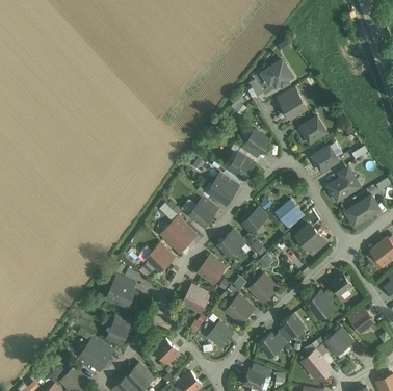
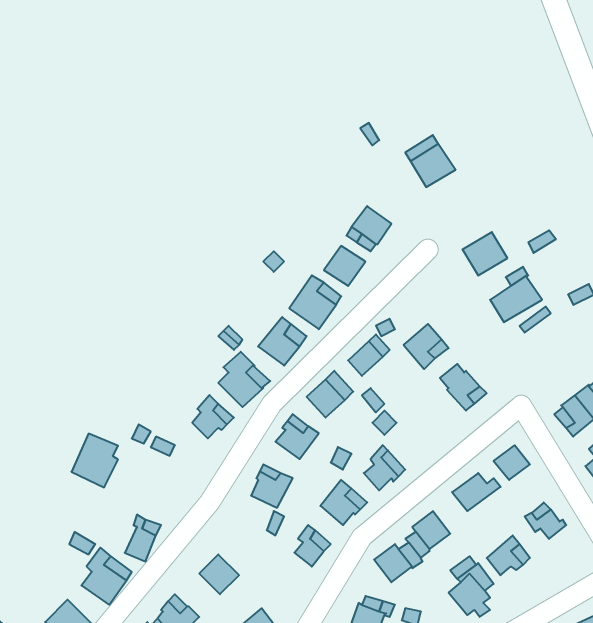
building: [263,62,291,89] -> none
building: [298,118,326,145] -> none
building: [344,197,374,227] -> none
building: [107,276,135,308] -> [71,434,118,487]

